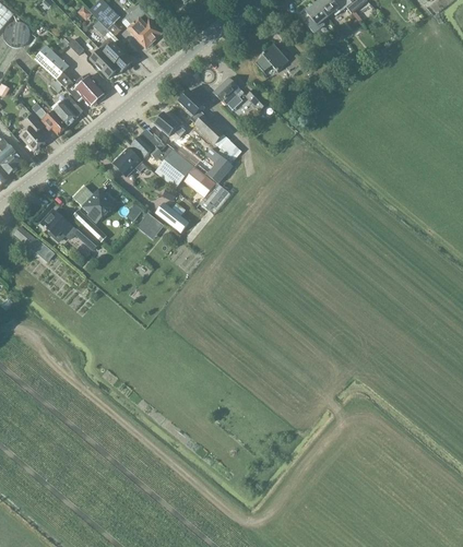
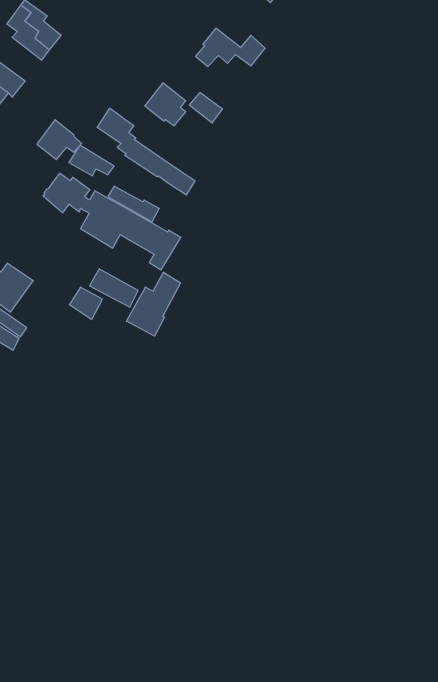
building: [112,147,144,176] -> [37,120,82,160]
building: [205,147,232,183] -> none
building: none -> [126,272,181,336]

